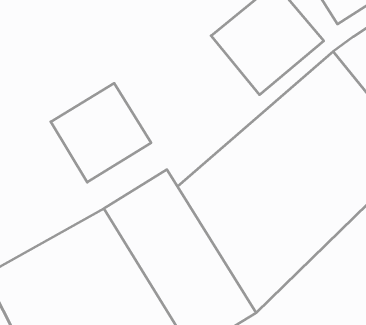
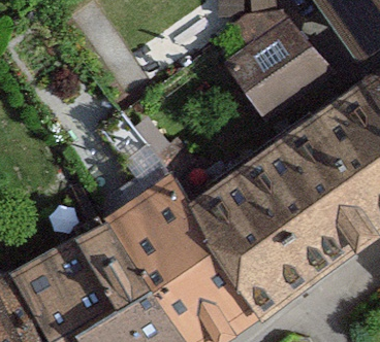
building: [51,83,151,182] -> none

